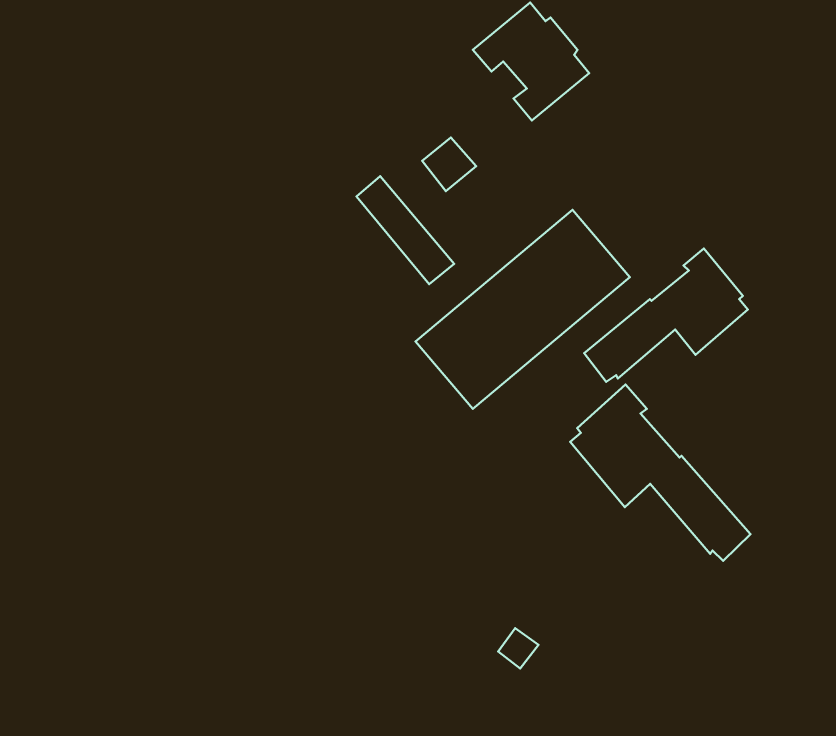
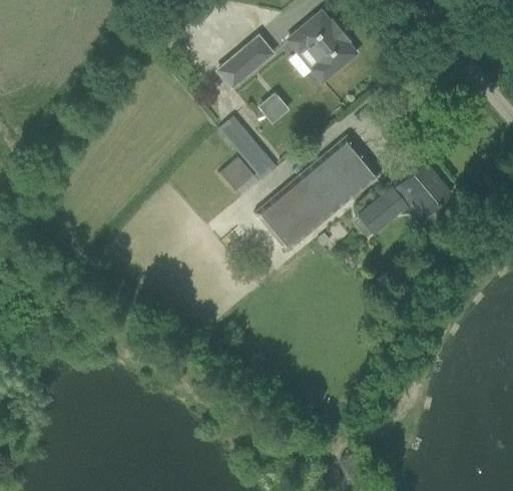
building: none -> [218,36,273,87]
building: none -> [220,156,253,189]
building: [570,385,751,561] -> none

